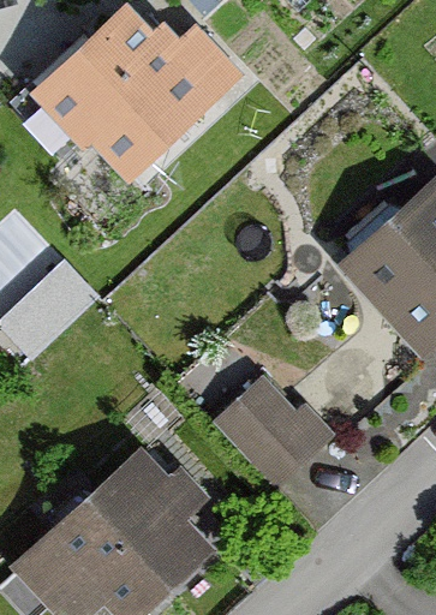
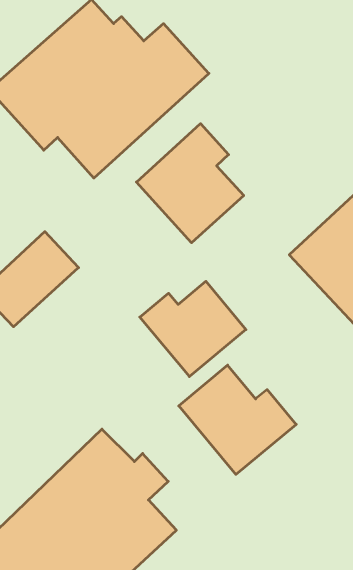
building: none -> [136,124,244,243]
building: none -> [140,281,246,377]

